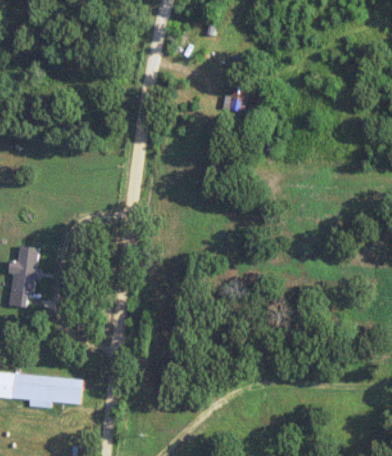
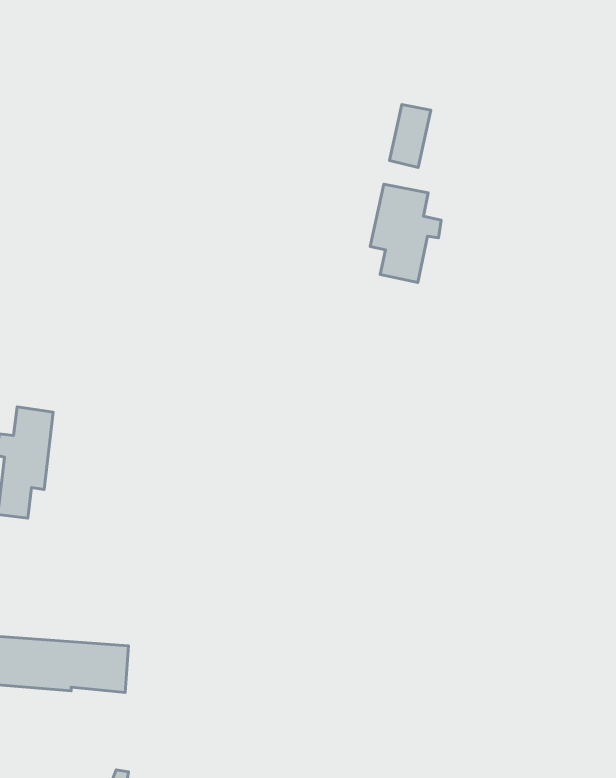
building: none -> [370,184,441,283]

